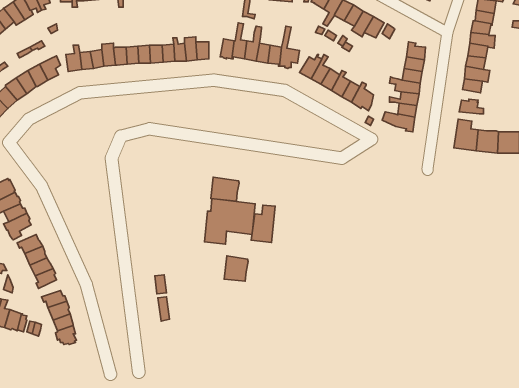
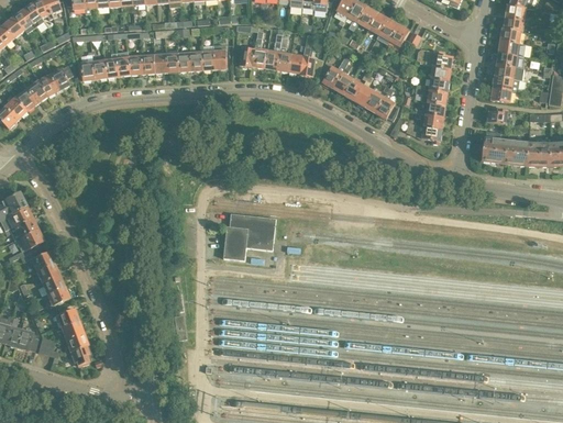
building: [211,177,239,201] -> none
building: [251,205,275,243] -> none
building: [224,256,248,281] -> none

